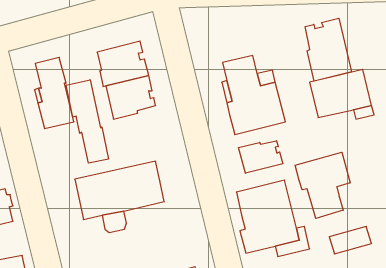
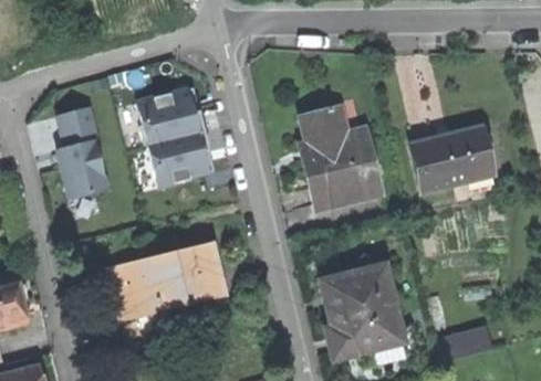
building: [305,18,352,81] -> none
building: [66,80,108,163] -> none
building: [239,141,283,173] -> none
building: [295,152,350,218] -> none

